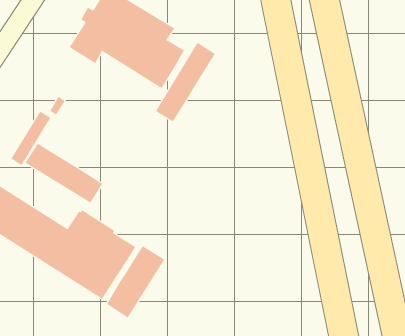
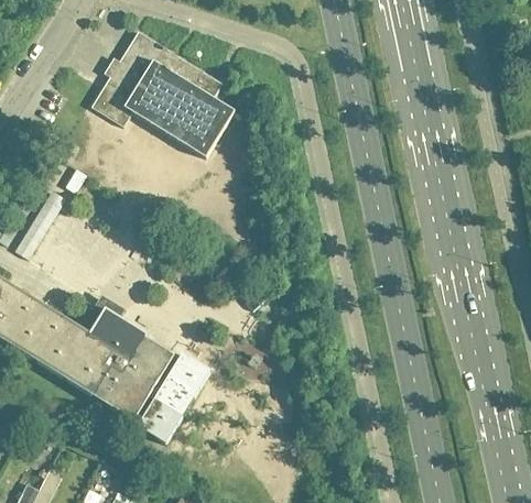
building: [155,42,215,122] -> none
building: [25,143,103,204] -> none

